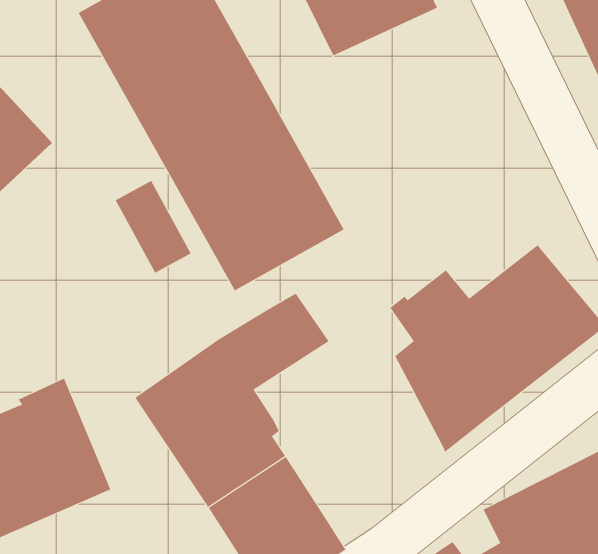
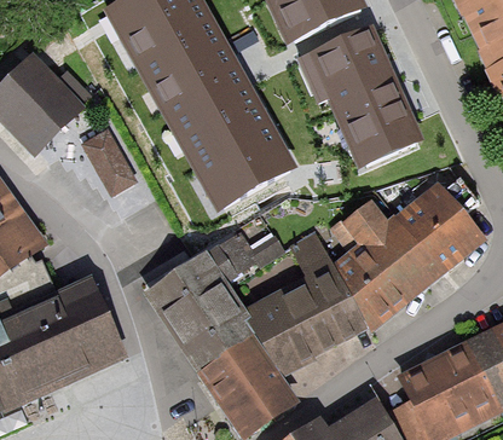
building: none -> [299,25,422,167]
building: [115,180,191,274] -> [83,127,139,195]
building: none -> [245,230,369,375]

